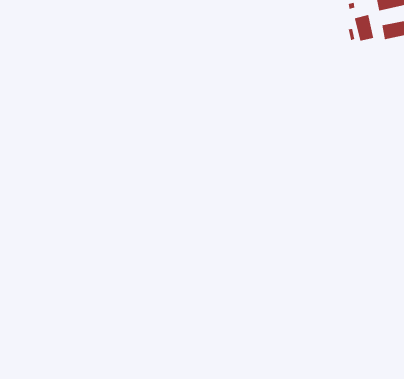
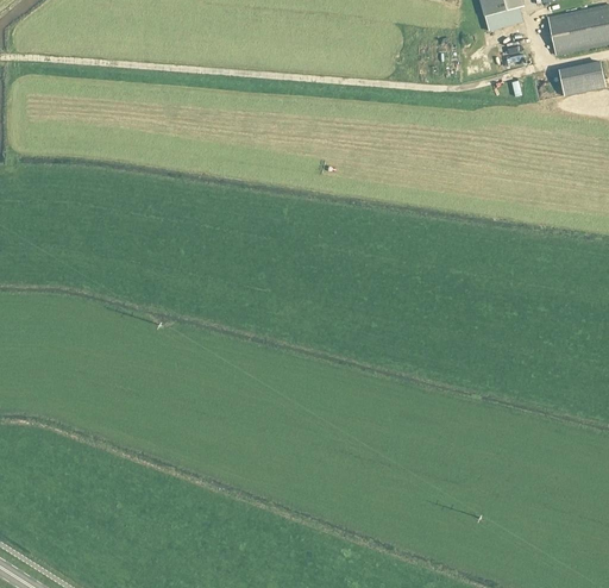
building: [354,14,374,41] -> none

